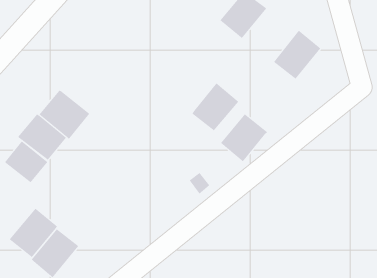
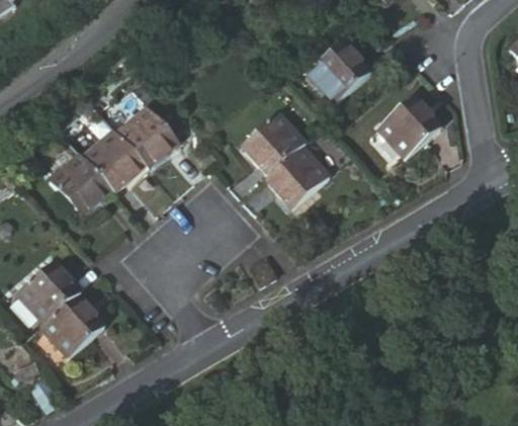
building: none -> [111,102,172,163]
building: [220,114,268,162] -> [246,117,307,177]
building: [4,140,48,183] -> none

